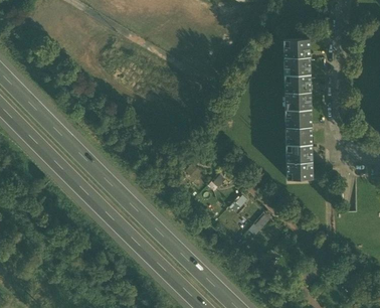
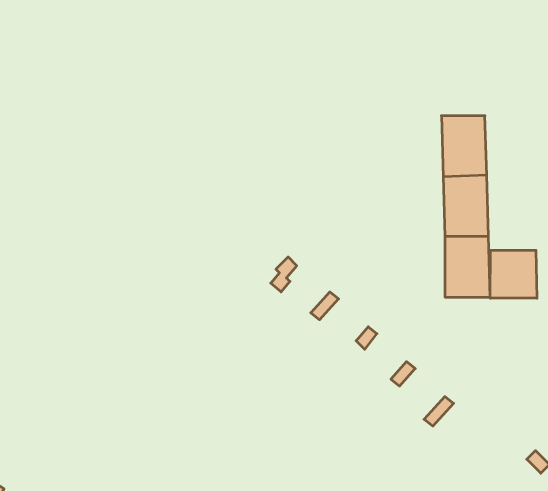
building: [283,37,310,72] -> none
building: none -> [490,250,537,298]

